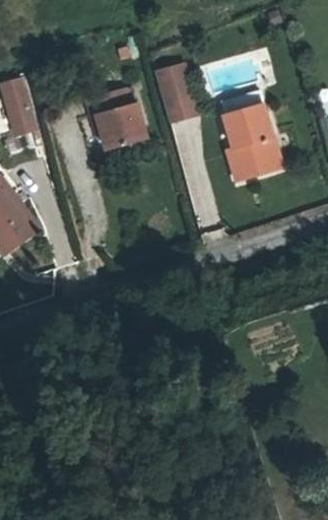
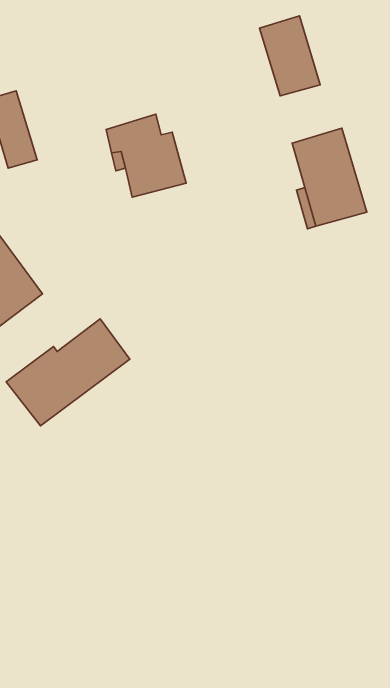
building: [154,60,199,119] -> [260,16,320,96]
building: none -> [6,319,130,426]

